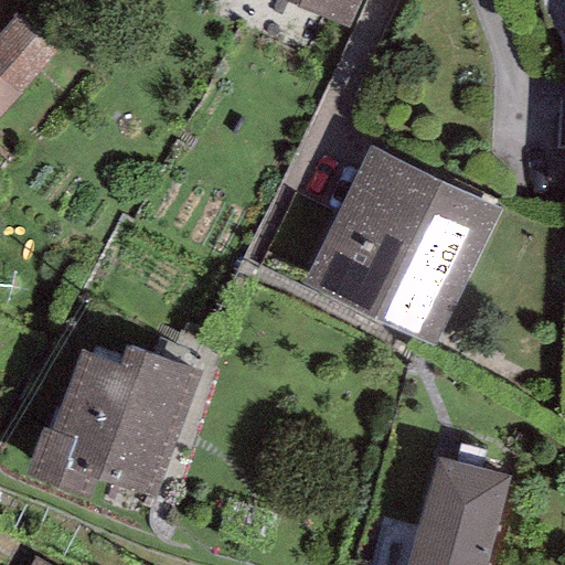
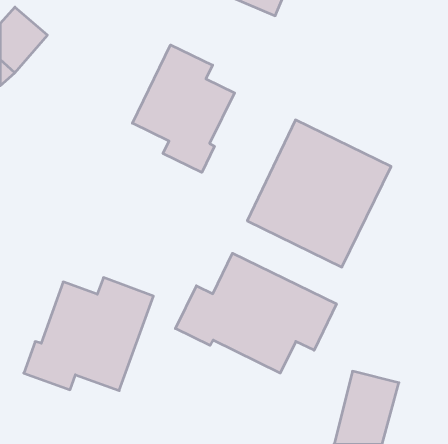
building: none -> [132,45,235,172]
building: none -> [175,253,336,373]

